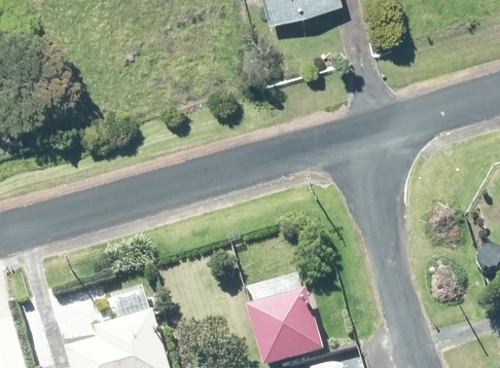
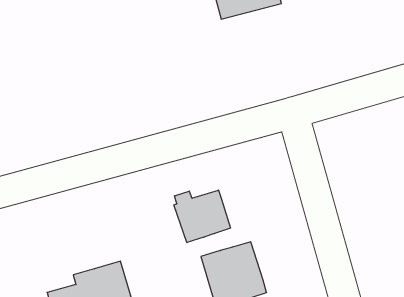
building: none -> [174,190,231,243]

